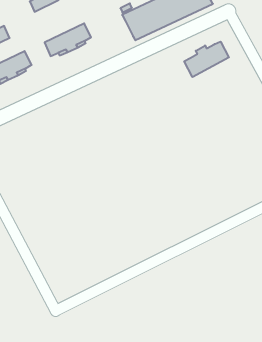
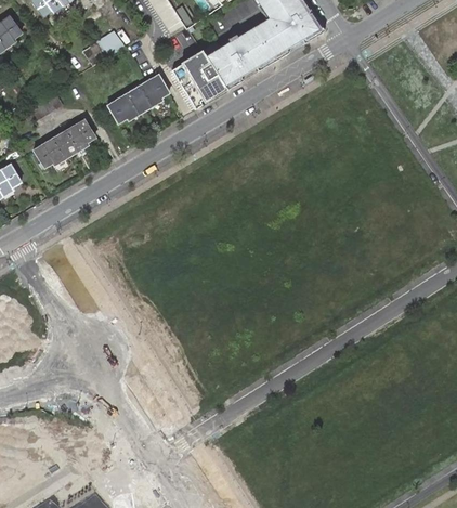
building: none -> [172,51,224,104]
building: [184,42,229,77] -> none

